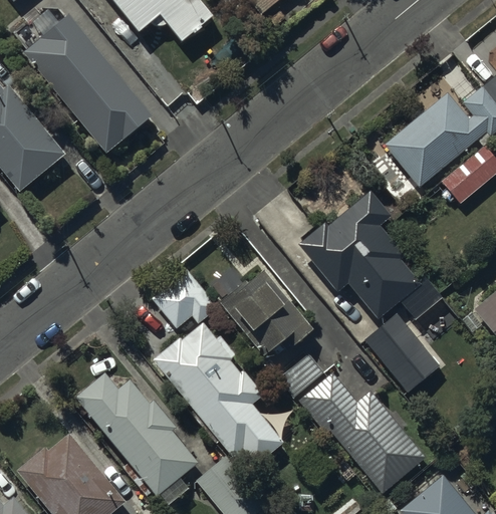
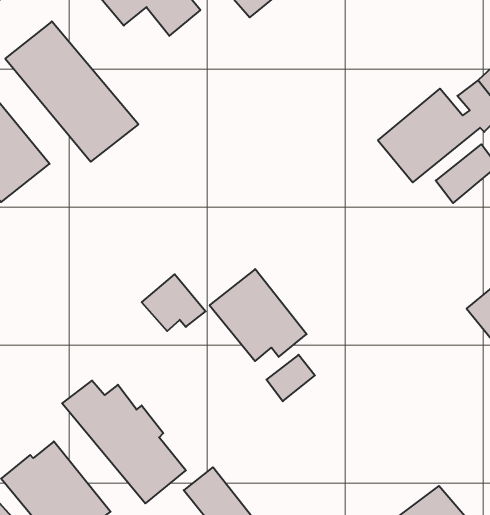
building: [299,192,419,316] -> none
building: [363,314,439,393] -> none
building: [154,322,285,470] -> none
building: [299,371,426,493] -> none

